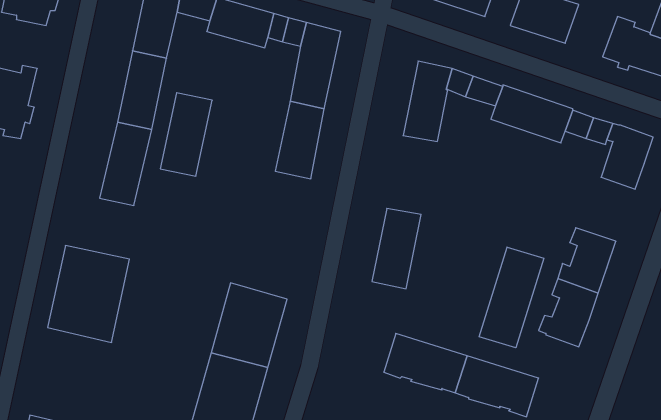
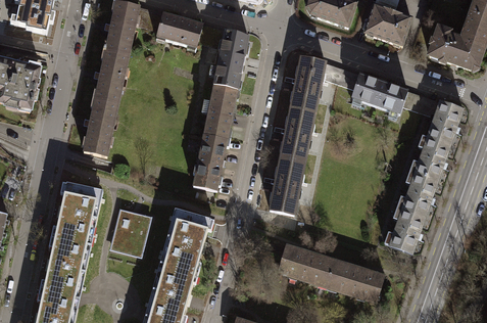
building: [160,93,212,176] -> [192,133,228,190]
building: none -> [280,108,314,163]
building: none -> [409,136,450,181]
building: [479,247,544,348] -> none
building: none -> [112,211,150,250]
building: none -> [37,240,91,298]

